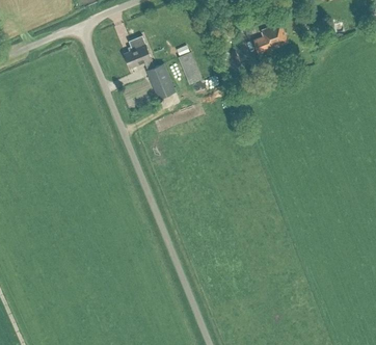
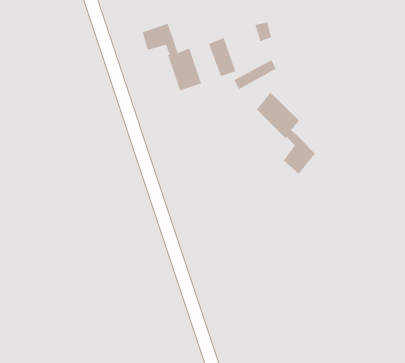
building: [252,22,287,52] -> none
building: none -> [256,92,315,174]

